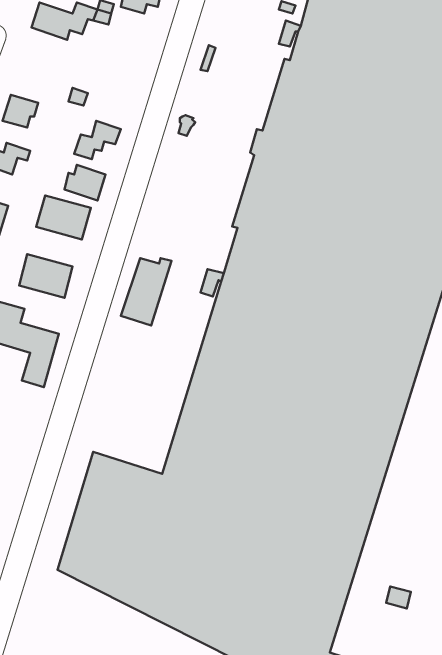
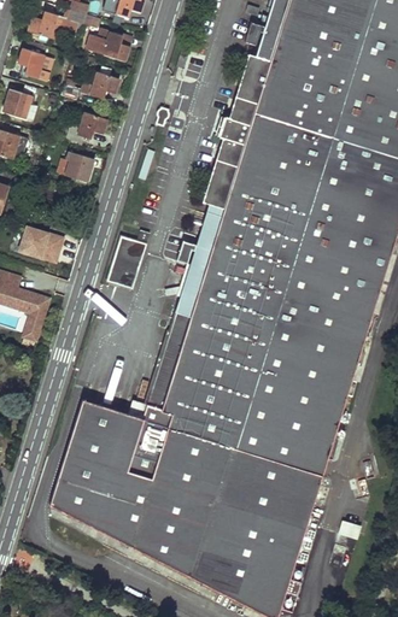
building: none -> [86,28,130,60]
building: none -> [17,40,52,80]
building: none -> [81,71,117,98]
building: [36,195,91,239] -> none

